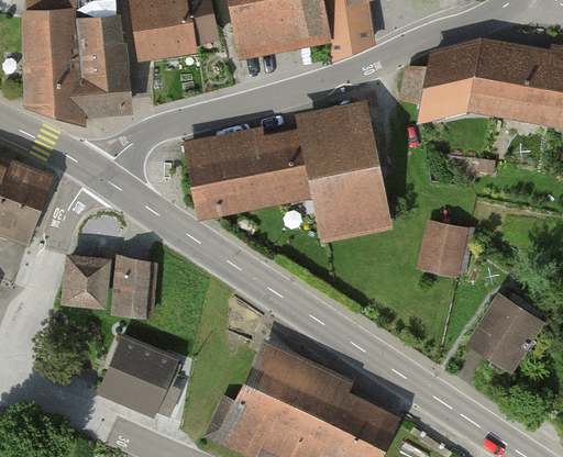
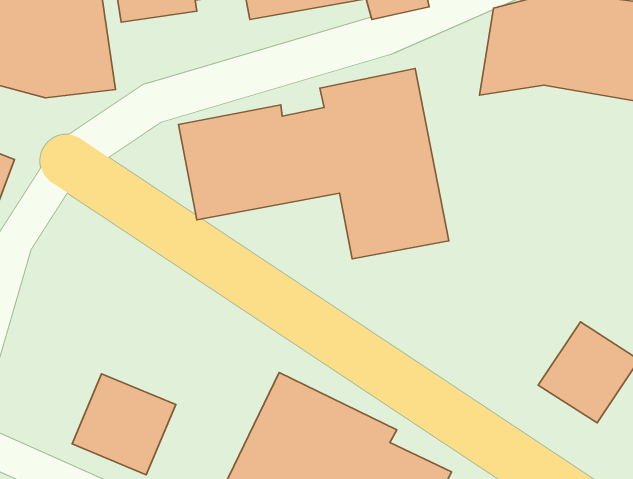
building: [416,221,468,279] -> none
building: [63,256,111,310] -> none
building: [118,256,155,320] -> none

